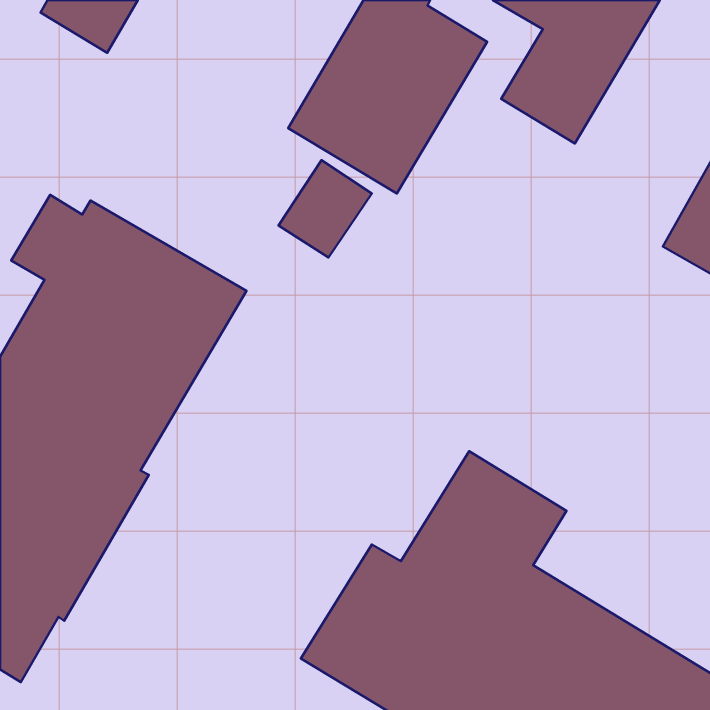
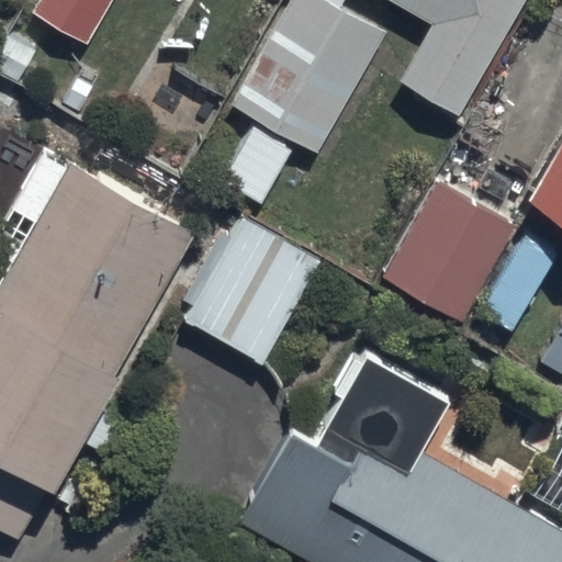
building: none -> [382,181,553,328]
building: none -> [186,217,318,362]

